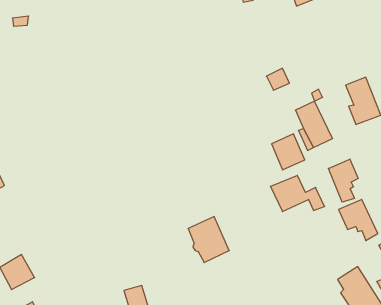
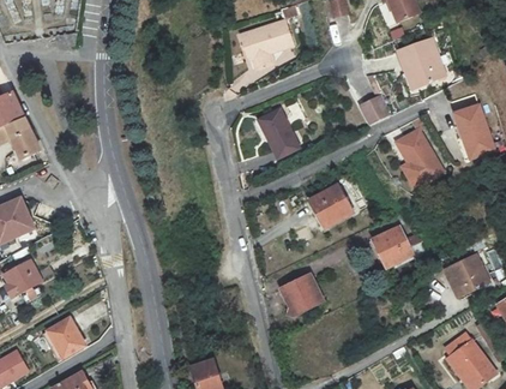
building: none -> [240,20,293,67]
building: none -> [398,36,445,85]
building: none -> [264,103,301,151]
building: [272,134,305,170] -> [308,182,348,226]
building: [328,159,358,202] -> none

